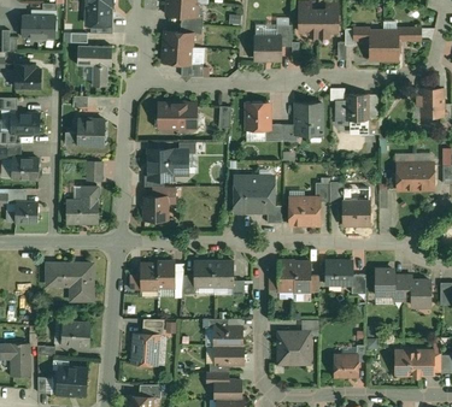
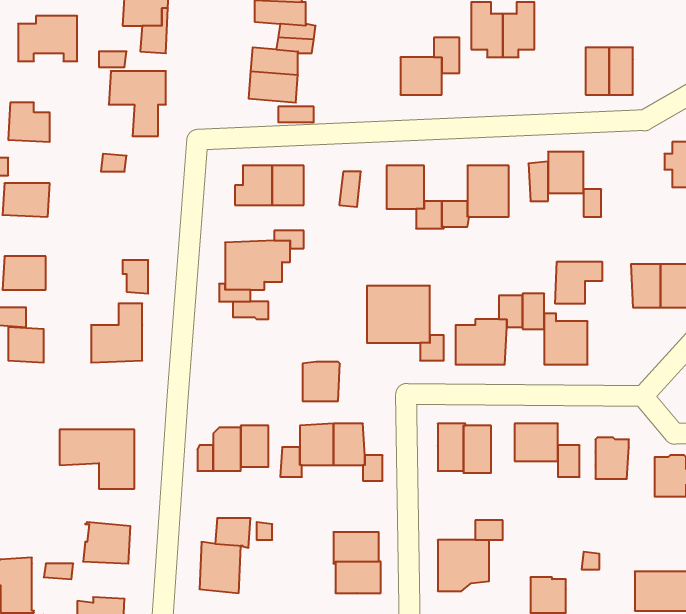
building: [77,119,105,146] -> none
building: none -> [555,262,602,304]
building: [145,196,168,220] -> [303,362,340,401]

